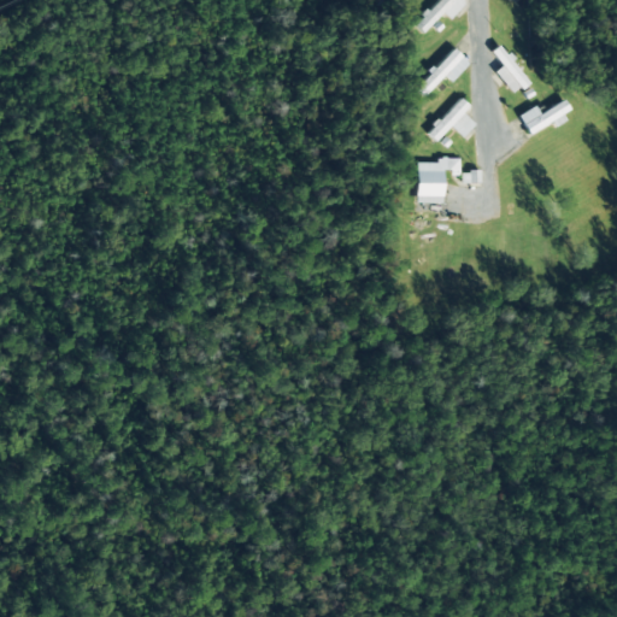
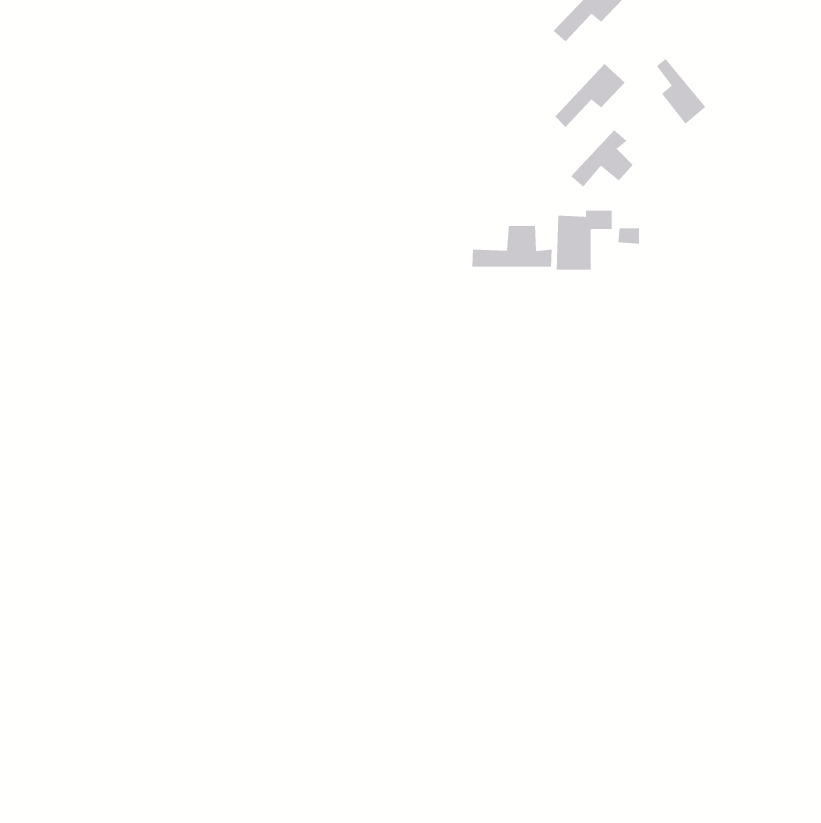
building: [521,99,571,133] -> none
building: none -> [472,225,552,267]

